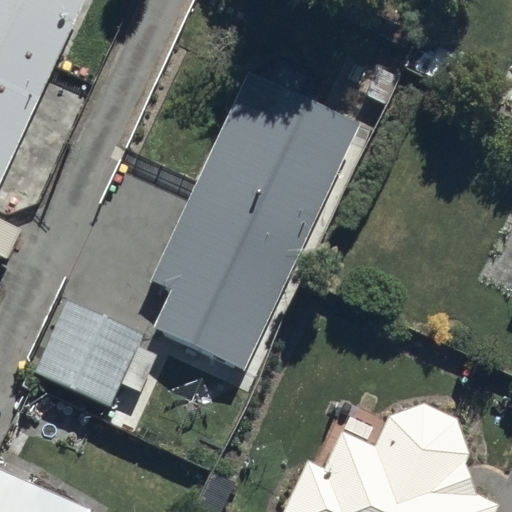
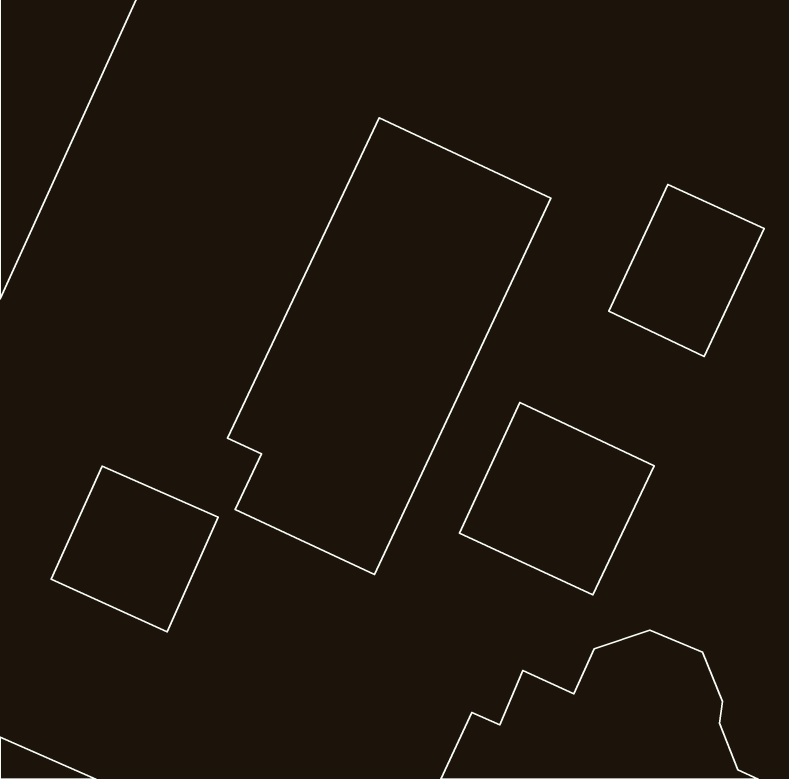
building: none -> [609,184,764,356]
building: none -> [460,403,654,595]

